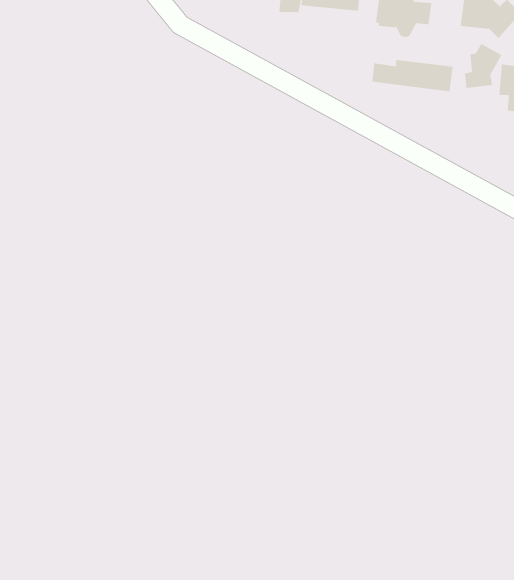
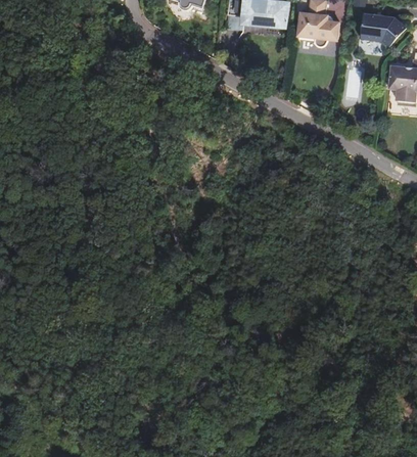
building: [464,43,502,89] -> none
building: [372,59,453,92] -> none

